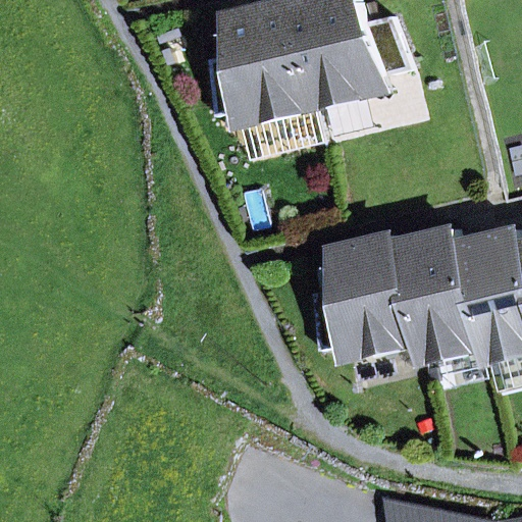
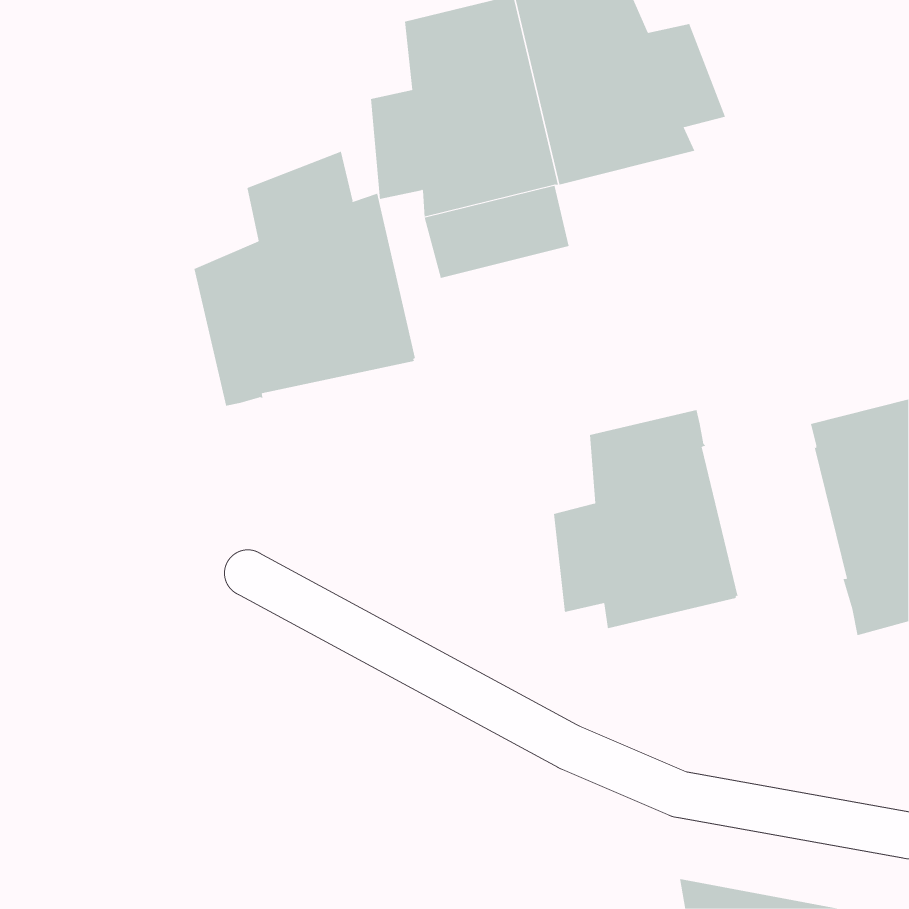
building: none -> [194,151,415,406]
building: [398,226,483,360] -> none

